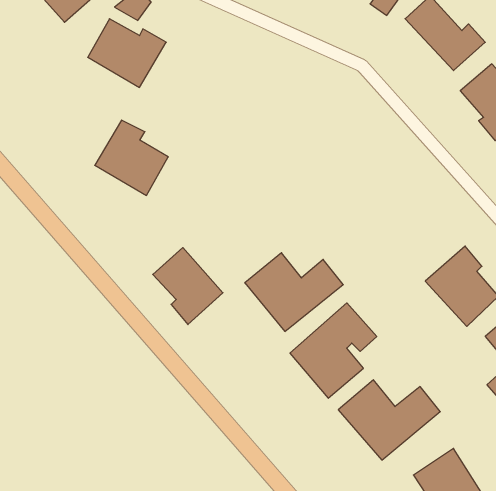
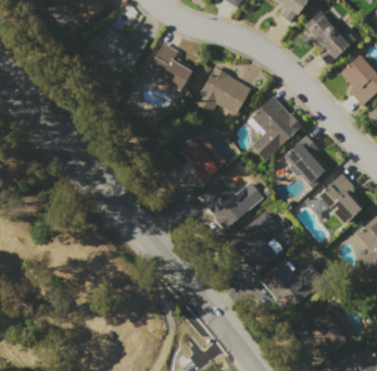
building: none -> [194,66,250,114]
building: [95,120,168,195] -> [146,42,193,91]
building: none -> [251,96,303,162]
building: none -> [284,141,327,189]
building: [153,248,223,325] -> [180,133,226,183]

